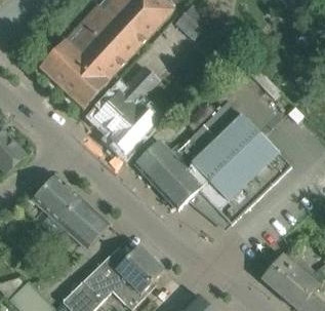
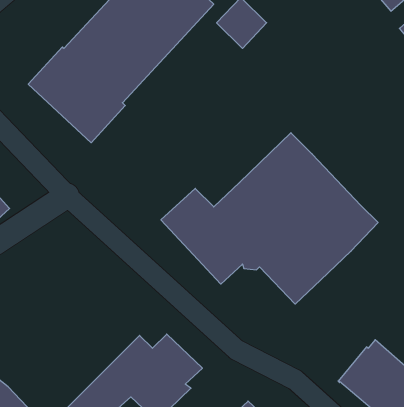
building: [95,65,159,152] -> none
building: [32,174,110,248] -> none

